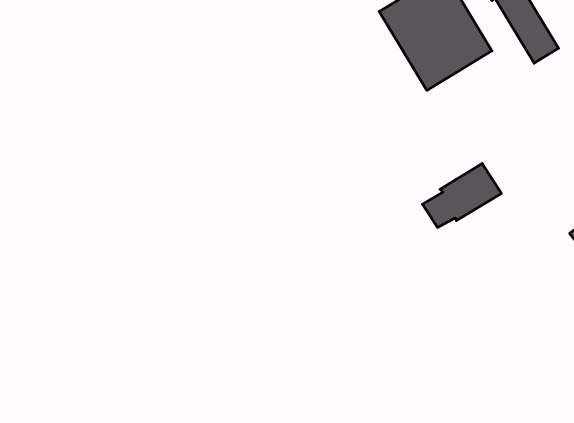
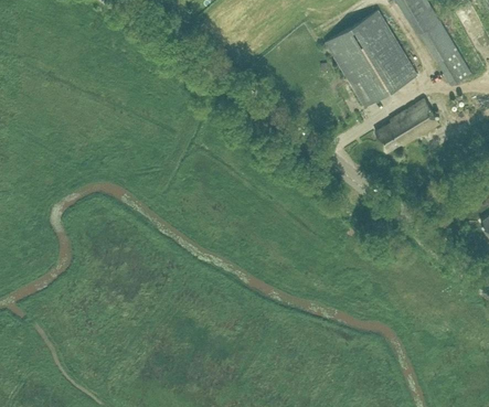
building: [422,163,501,227] -> [374,98,438,150]

